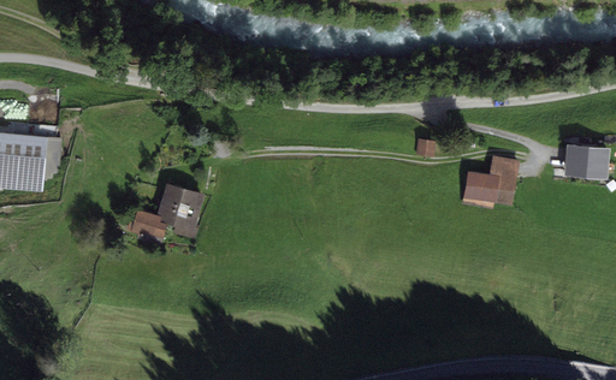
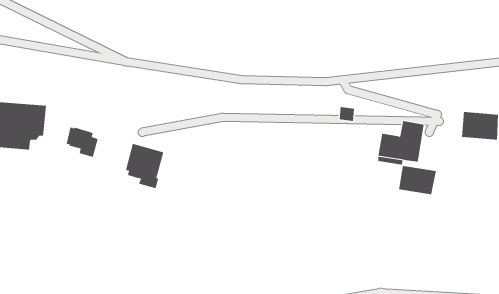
building: [126,209,166,247] -> [66,127,99,158]
building: none -> [398,165,436,195]

